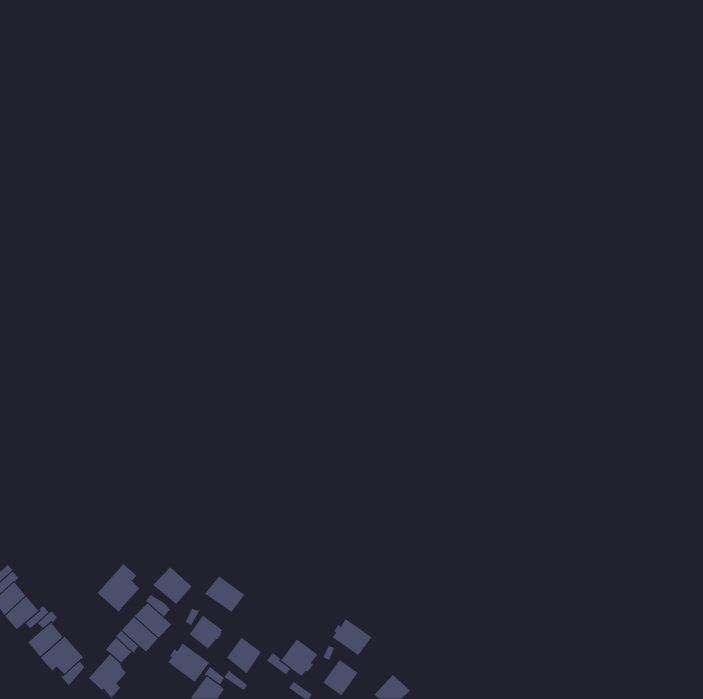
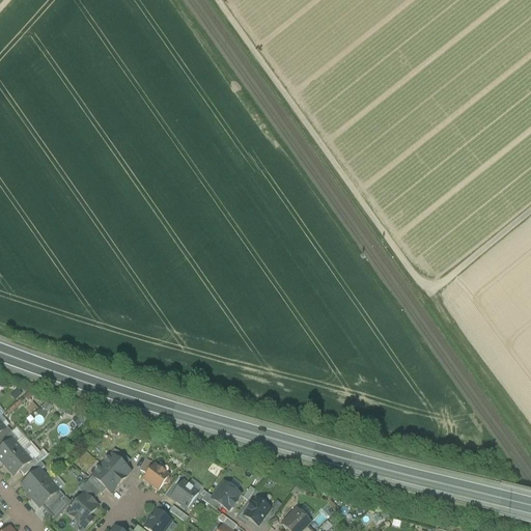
building: [97,563,141,613] -> none
building: [152,567,192,605] -> none
building: [204,575,245,613] -> none
building: [332,618,372,656] -> none
building: [168,642,210,683] -> none

